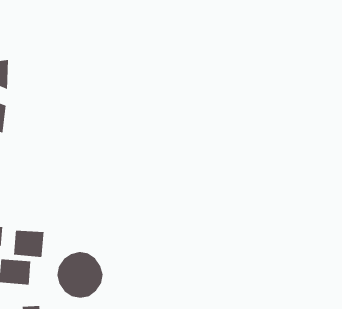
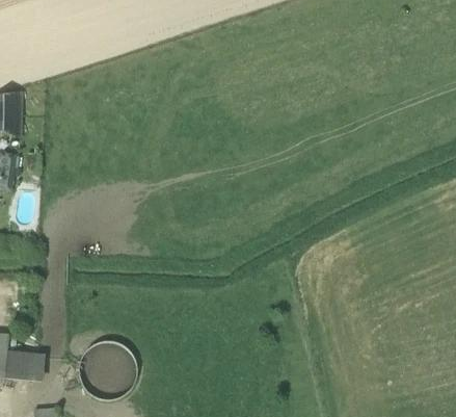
building: [14,230,44,258] -> none

